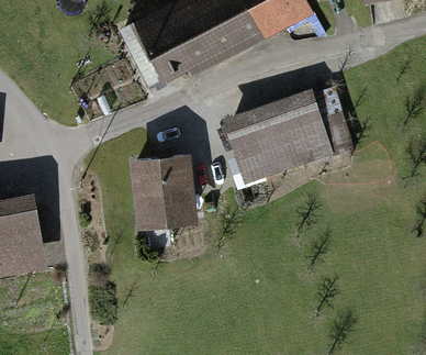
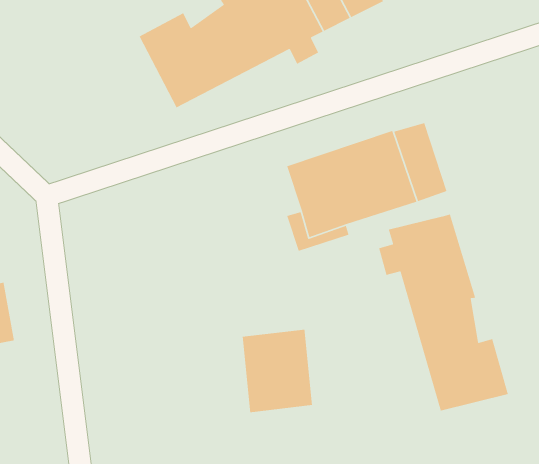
building: [138,157,190,219] -> [242,329,313,413]
building: none -> [378,214,509,411]

